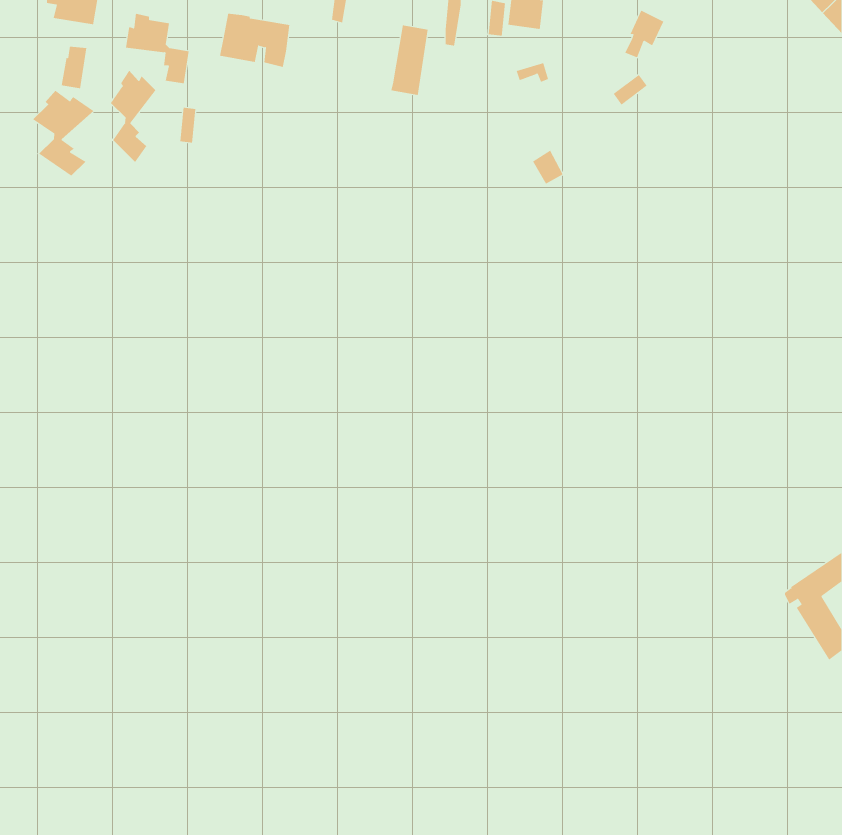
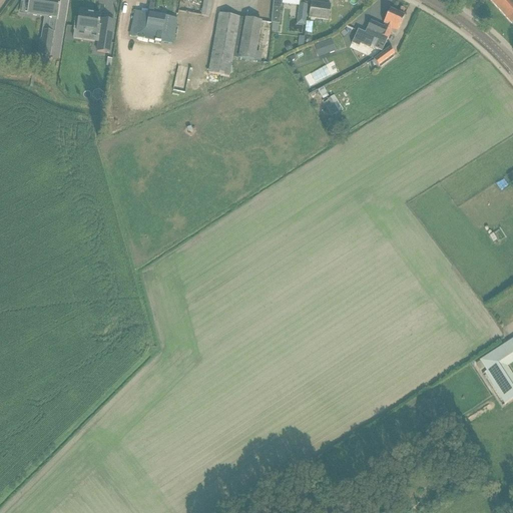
building: none -> [207,10,244,74]
building: none -> [352,18,387,48]
building: [110,70,156,163] -> none
building: [32,90,95,177] -> none

